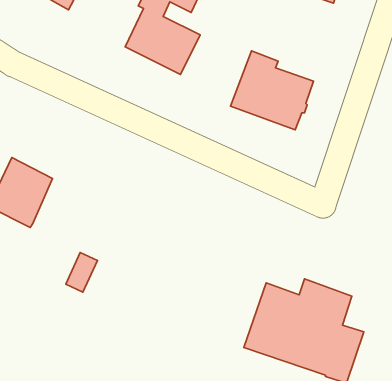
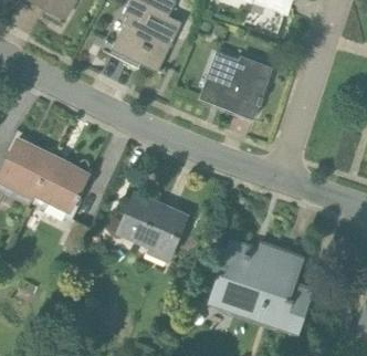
building: none -> [33,154,90,213]
building: none -> [118,192,186,258]

